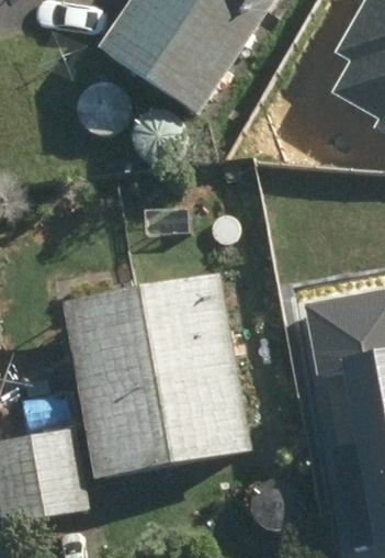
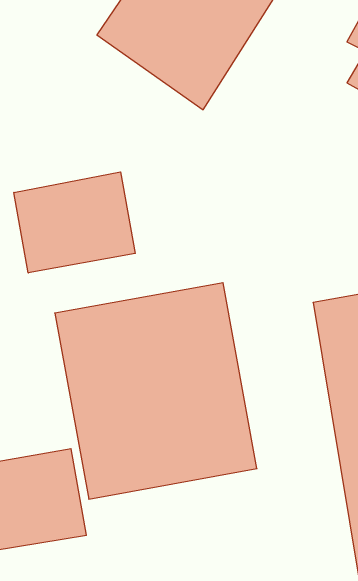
building: none -> [14,172,135,273]

